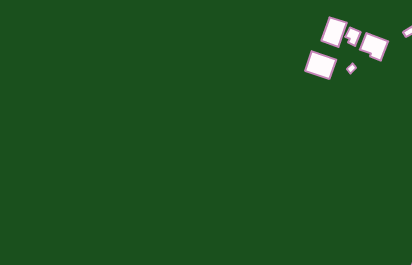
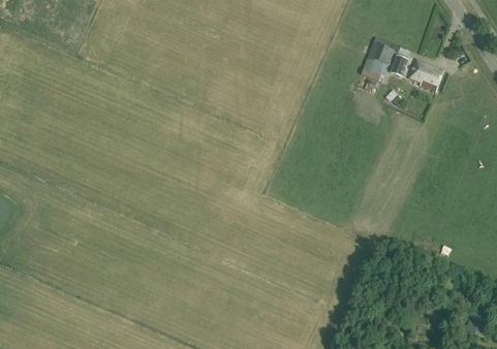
building: [305,51,336,79] -> none

